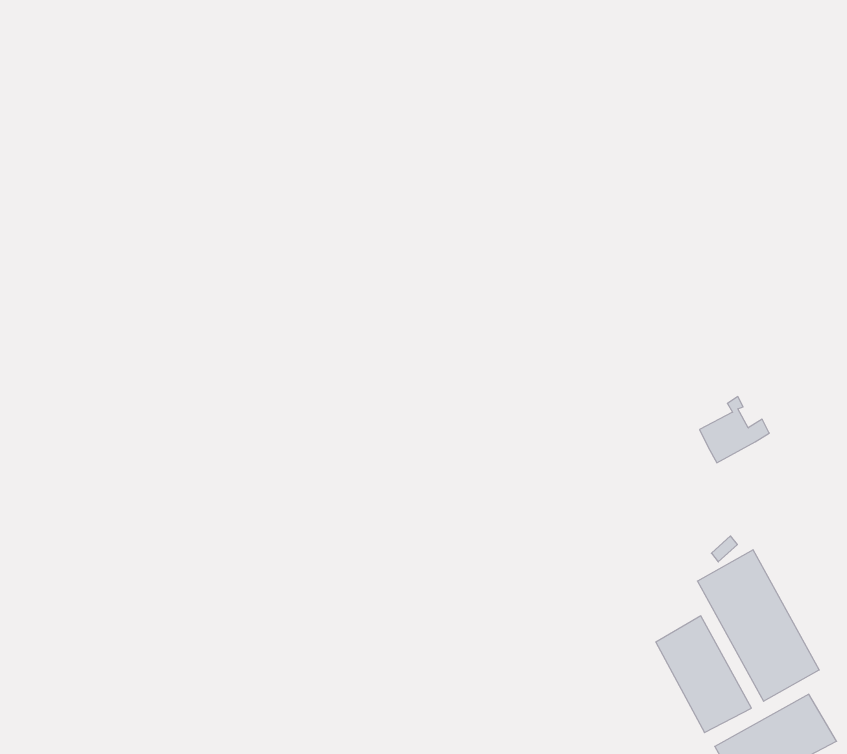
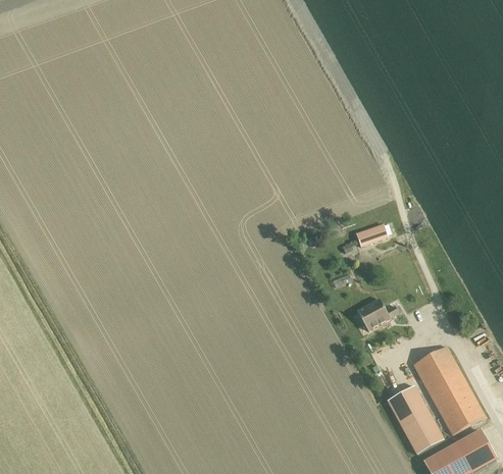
building: none -> [355,223,386,247]
building: [700,397,769,463] -> [357,292,398,330]

